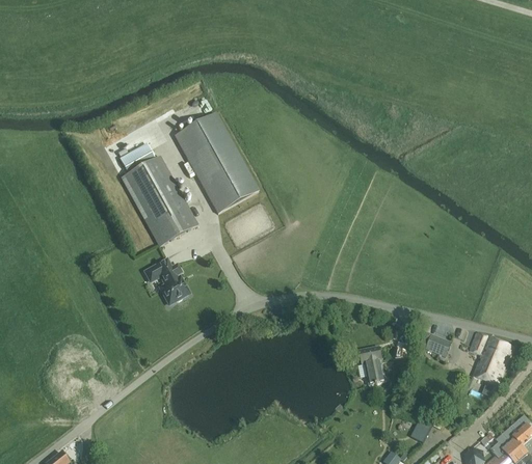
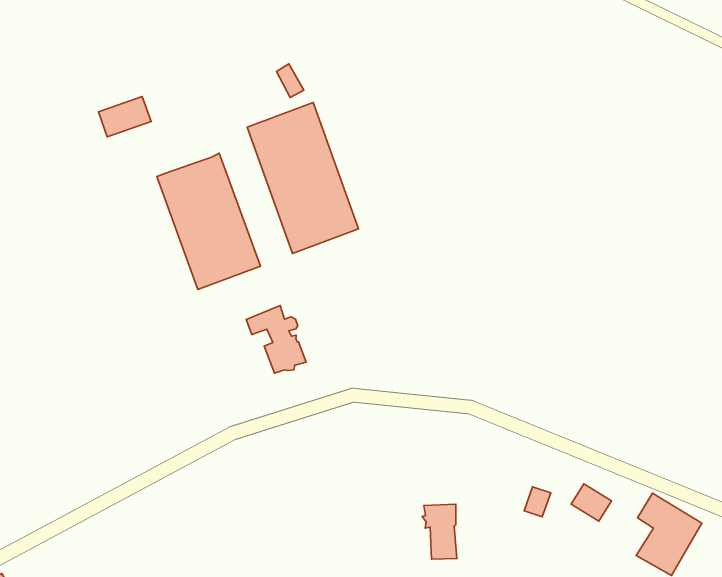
building: [119,142,155,172] -> [98,96,151,137]
building: [145,258,189,303] -> [246,306,306,373]
building: [358,346,385,384] -> [422,504,457,559]

